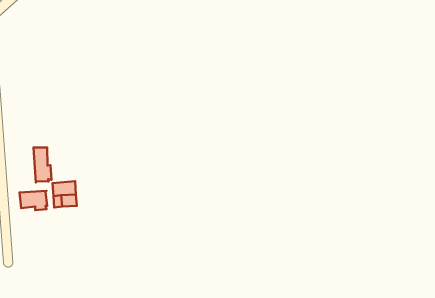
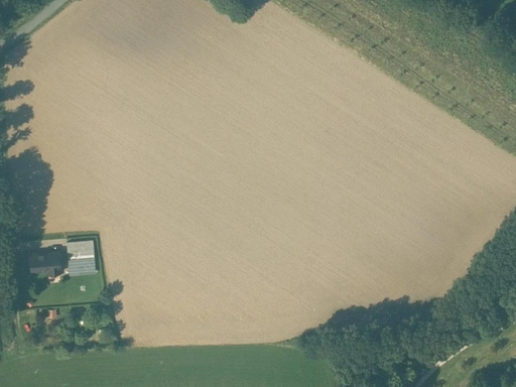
building: [33,147,51,182] -> none

